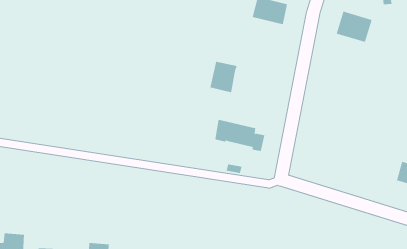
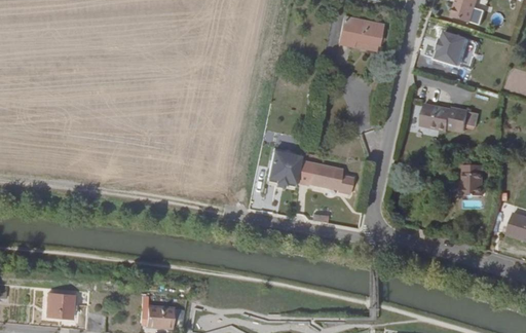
building: [210,61,237,93] -> [268,148,301,185]
building: none -> [420,103,465,127]
building: none -> [464,160,486,193]

